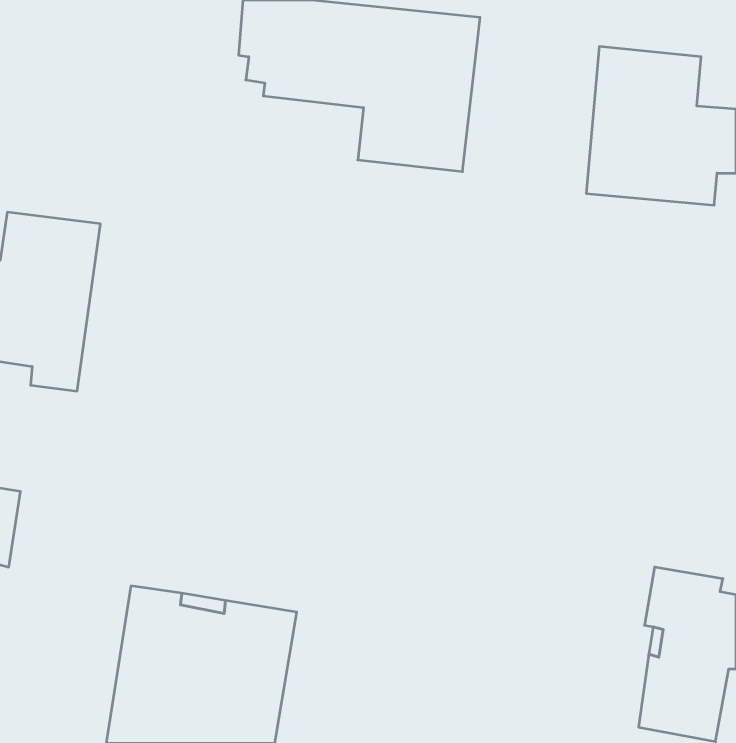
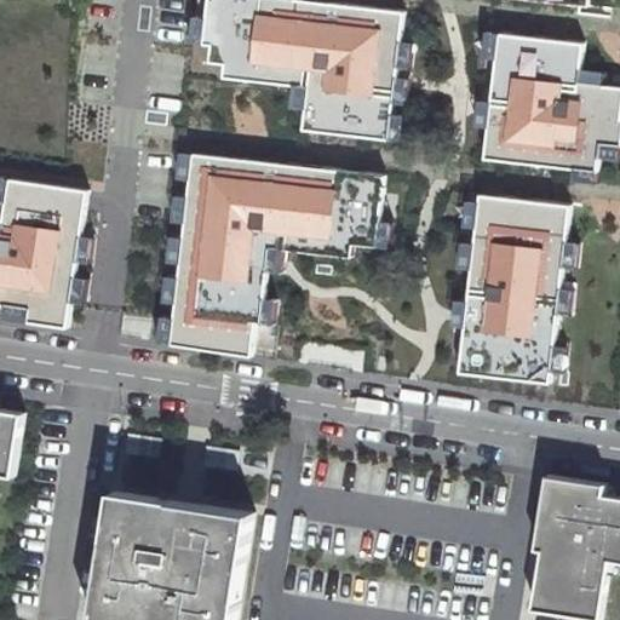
building: none -> [168,151,379,355]
building: none -> [457,193,567,383]

